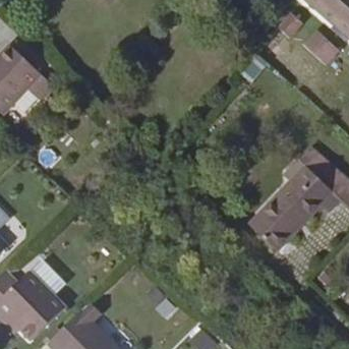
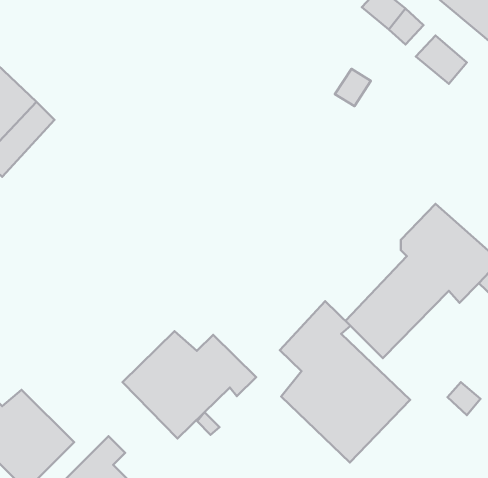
building: none -> [280,301,410,463]
building: none -> [123,331,256,439]

